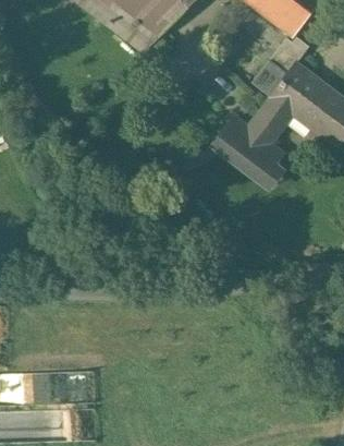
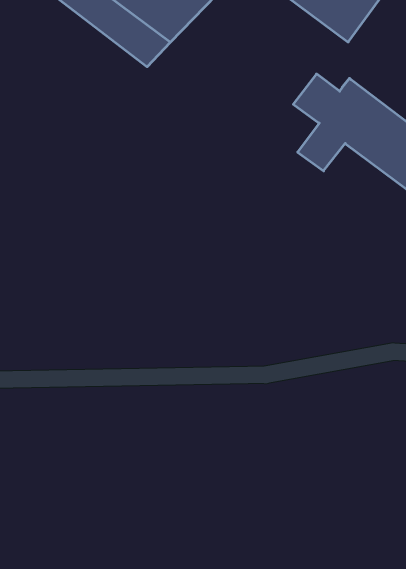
building: [272,35,309,69] -> none
building: [213,118,282,180] -> none

